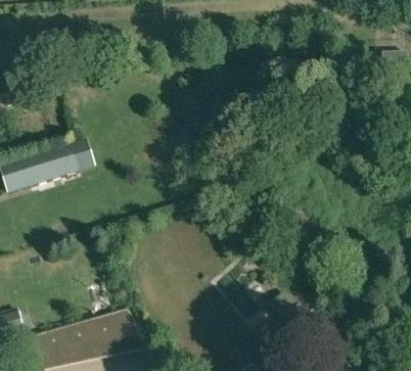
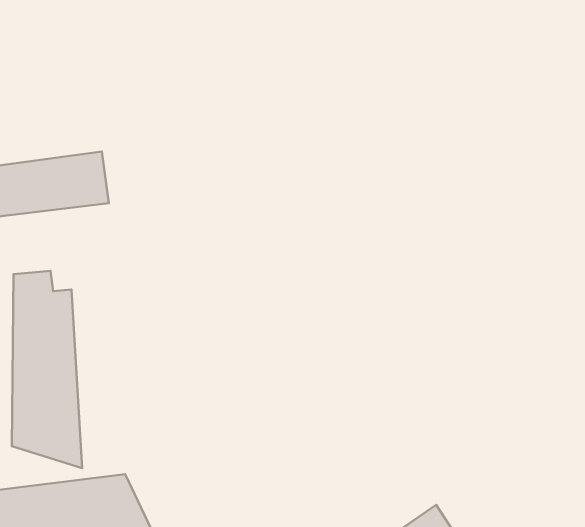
building: none -> [12,271,82,468]

